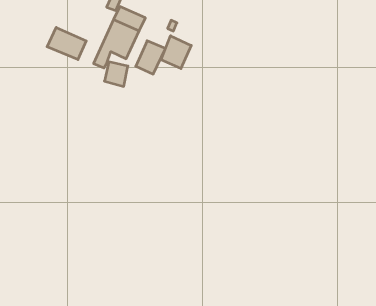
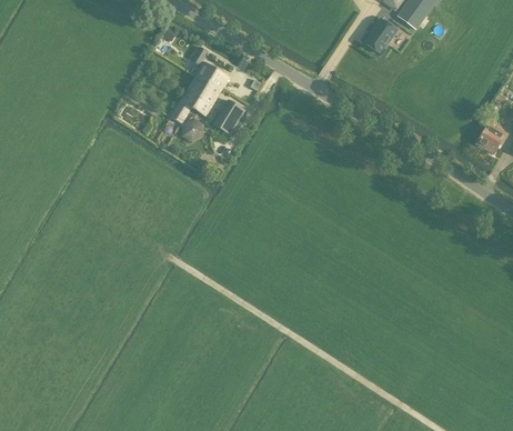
building: [47,27,86,60] -> none
building: [161,36,191,69] -> none

